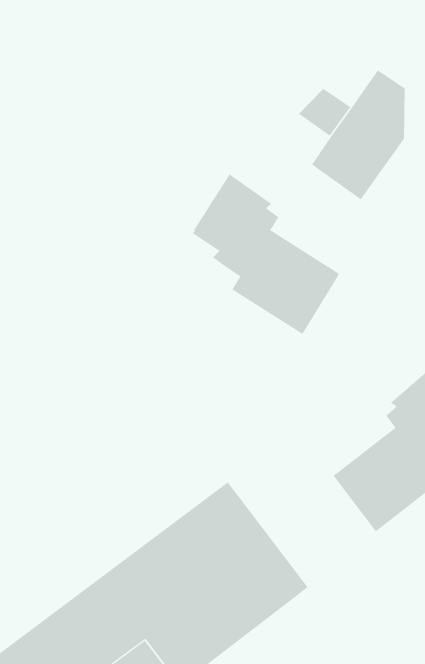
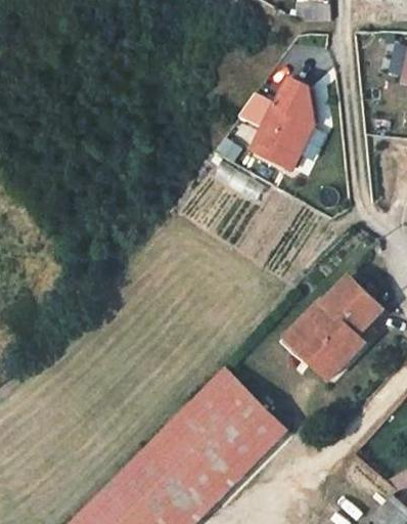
building: [191,173,340,335] -> none
building: none -> [276,306,330,366]

